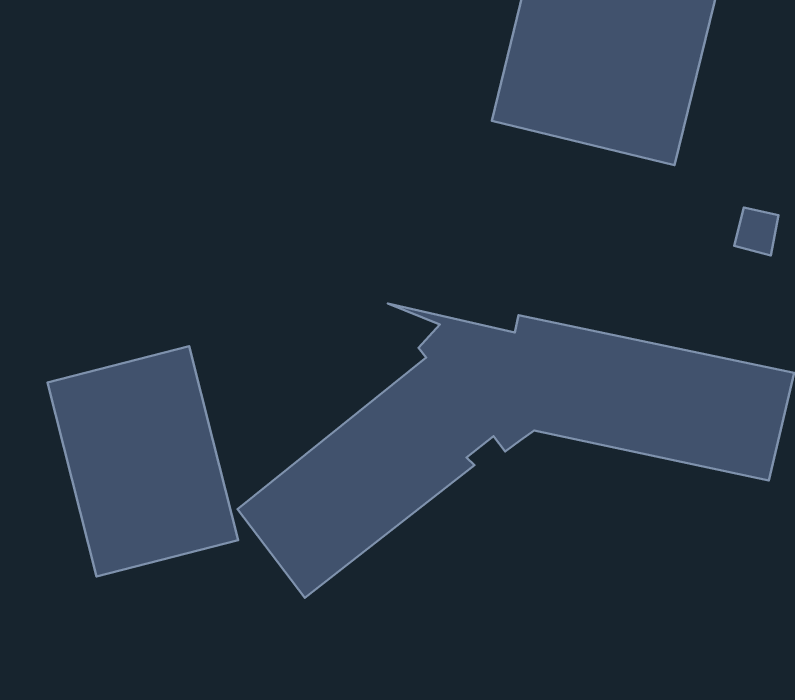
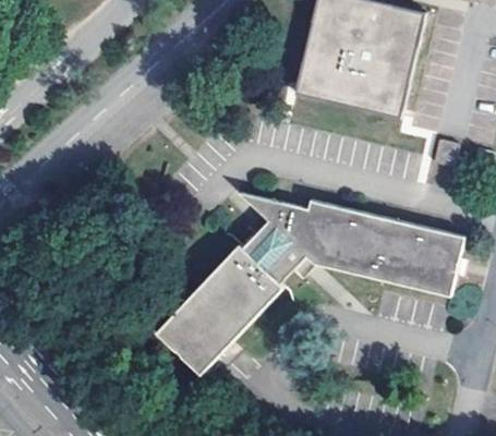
building: [47,346,238,577] -> none

